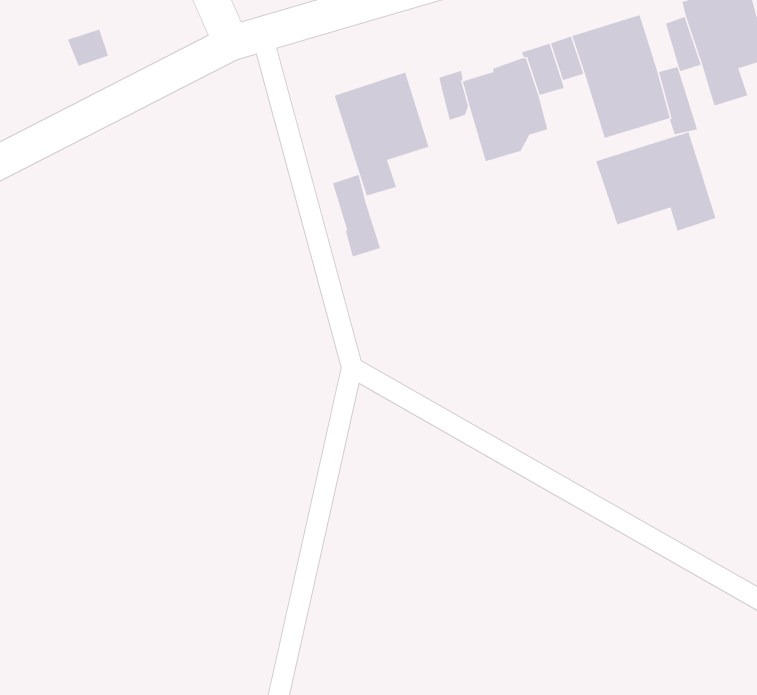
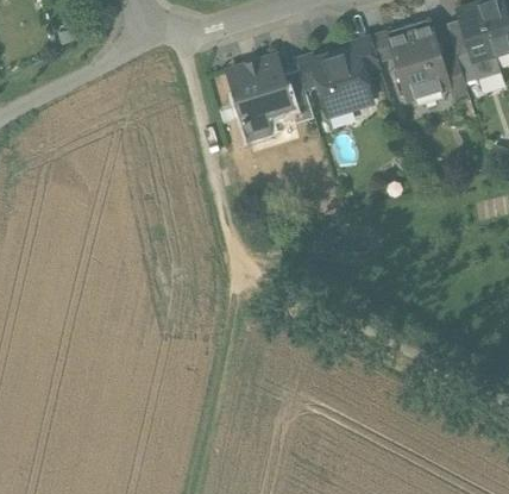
building: [596,132,716,232] -> none
building: [332,174,381,257] -> [281,70,313,125]

